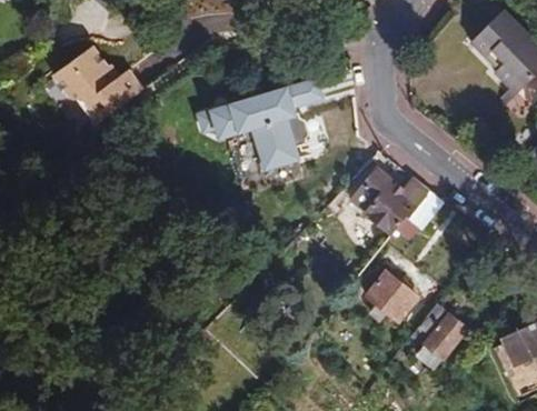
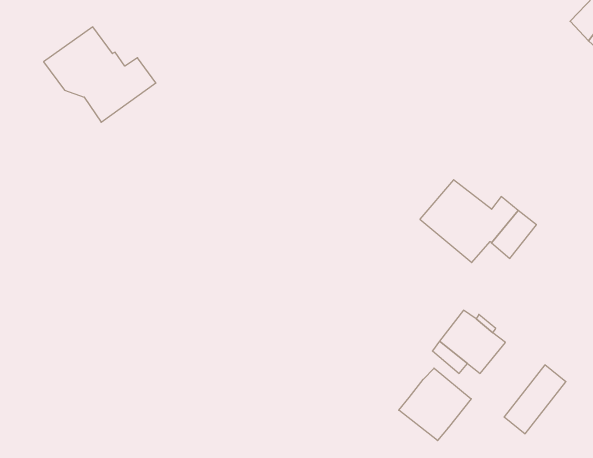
building: [199,79,321,168] -> none
building: none -> [399,368,471,441]

